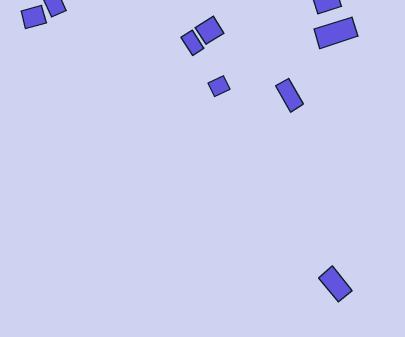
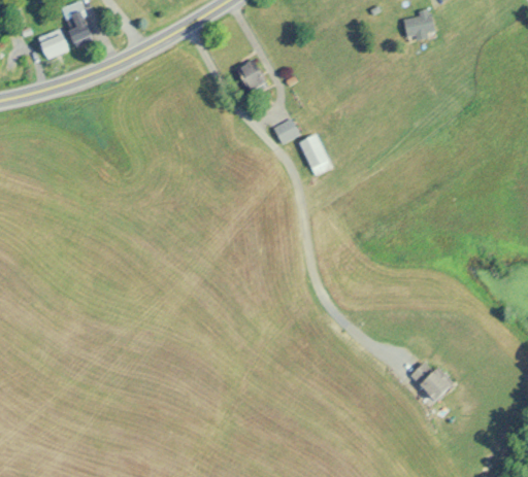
building: [195,16,224,44] -> none
building: [314,17,358,49] -> none
building: [276,78,303,112] -> [298,134,333,176]

